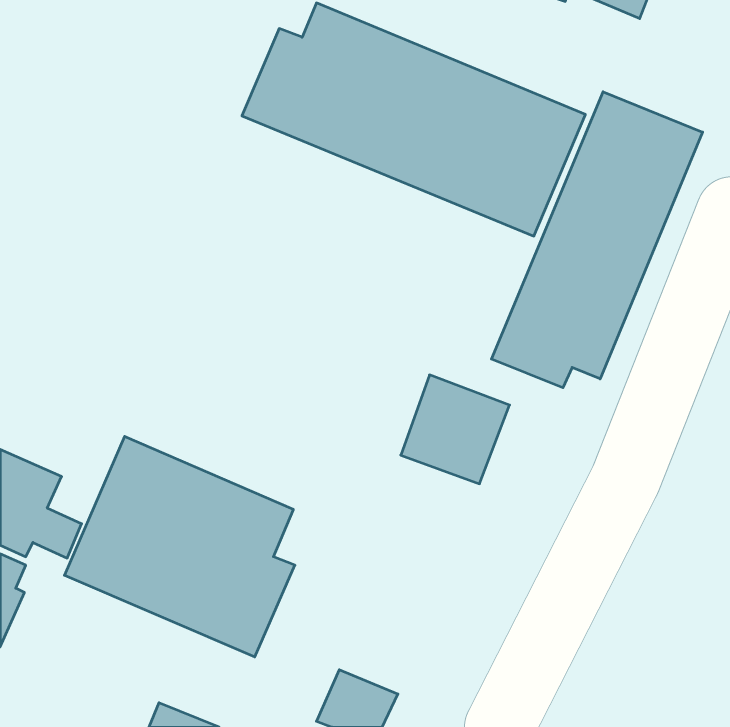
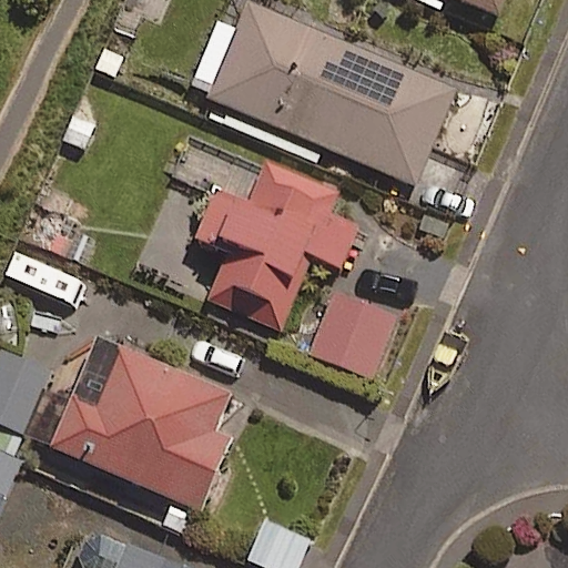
building: [491,92,703,388] -> none
building: none -> [180,135,357,331]

